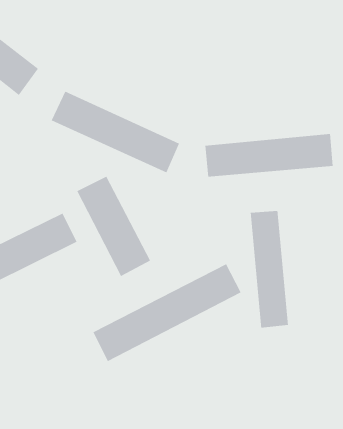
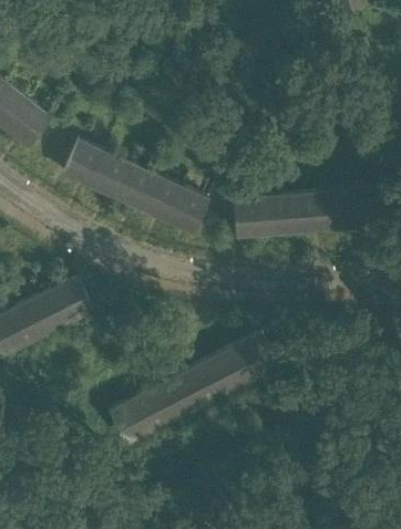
building: [77,176,151,277] -> none
building: [250,210,289,329] -> none

